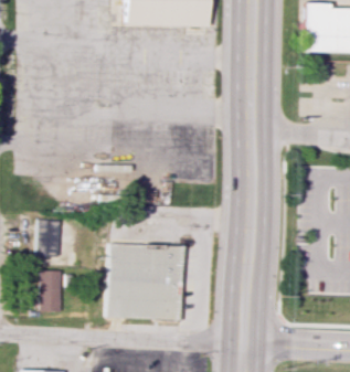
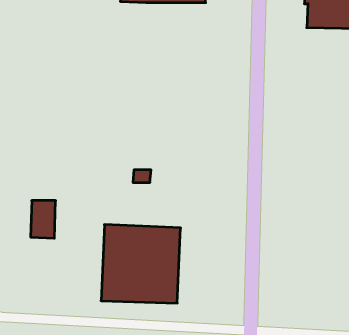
building: [41,269,63,310] -> none

